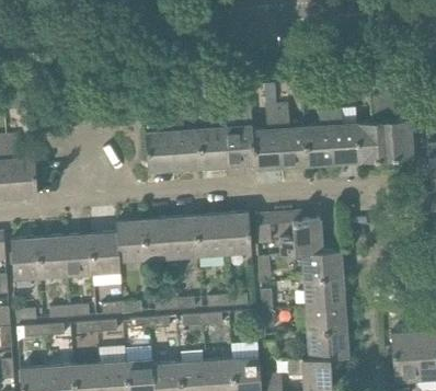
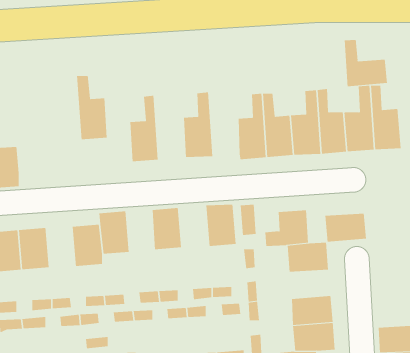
building: none -> [344,39,387,87]
building: [225,102,254,166] -> none
building: [171,106,202,170] -> [76,75,107,140]
building: [195,215,225,256] -> none
building: [144,219,171,261] -> none
building: [65,235,93,276] -> none
building: [303,278,345,307] -> [325,213,367,242]

